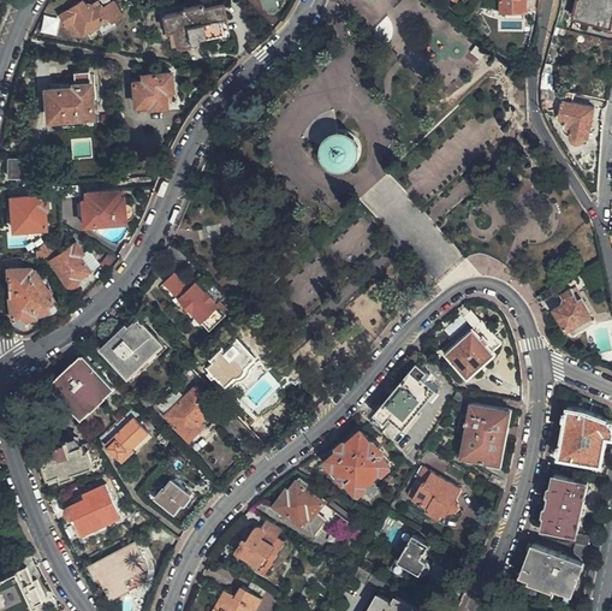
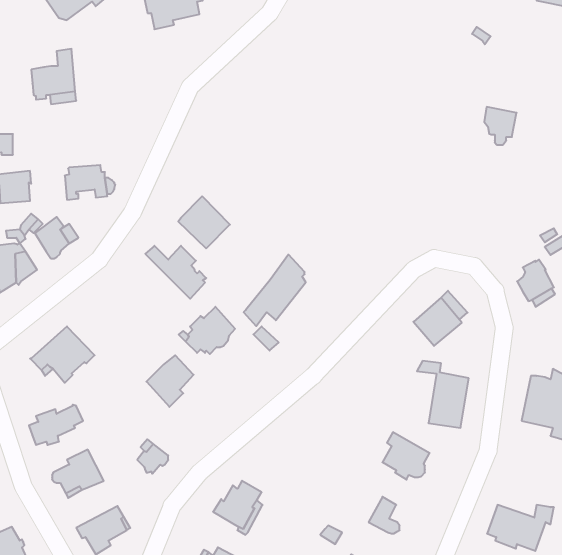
building: [132,75,170,109] -> none
building: [558,103,592,143] -> [484,107,517,145]
building: [321,131,362,171] -> none
building: none -> [178,196,230,248]
building: [97,320,159,382] -> none
building: [367,362,432,437] -> [244,255,306,326]
building: [106,417,147,462] -> none
building: [327,433,387,494] -> none
building: [541,477,587,548] -> none
building: [273,479,323,534] -> none

